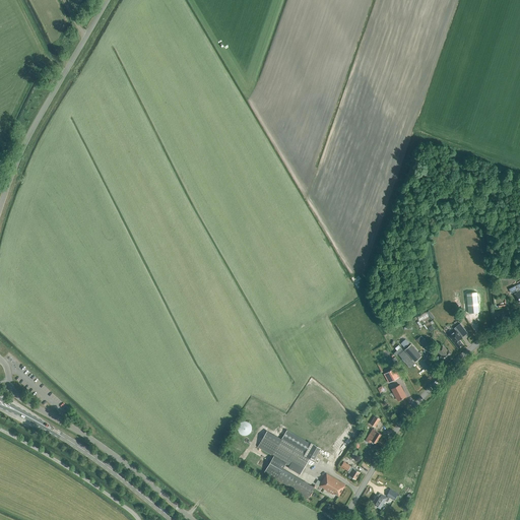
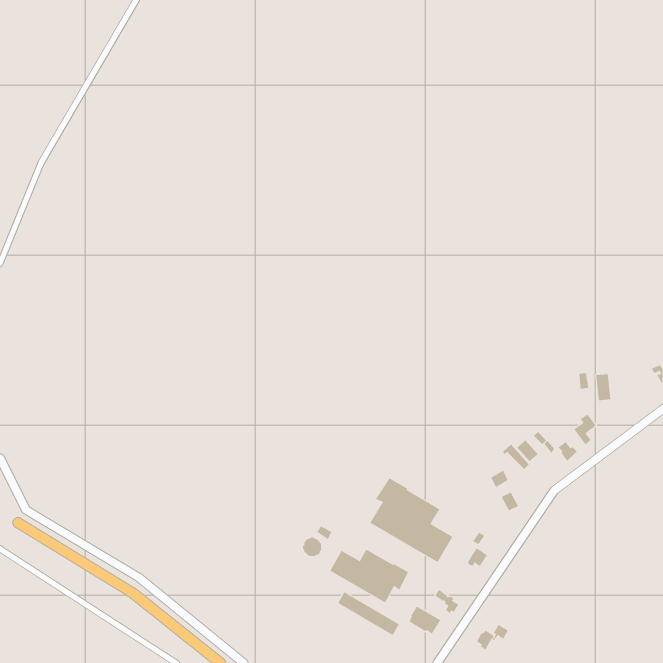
building: none -> [369,478,453,563]

